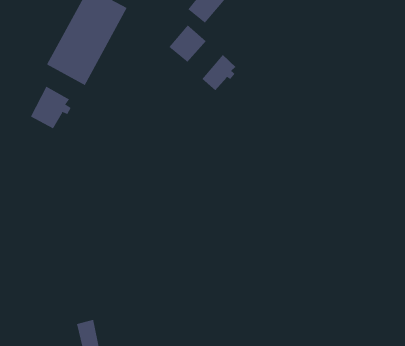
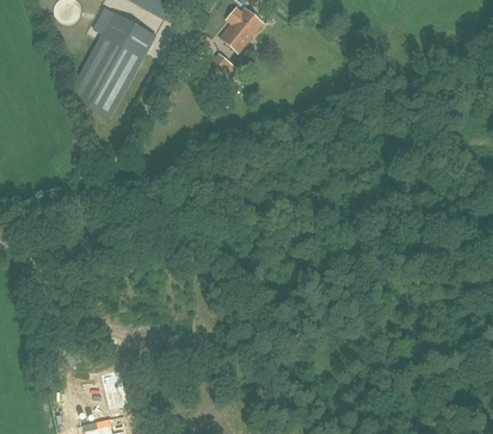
building: [201,54,237,91] -> none
building: [30,86,72,129] -> none

